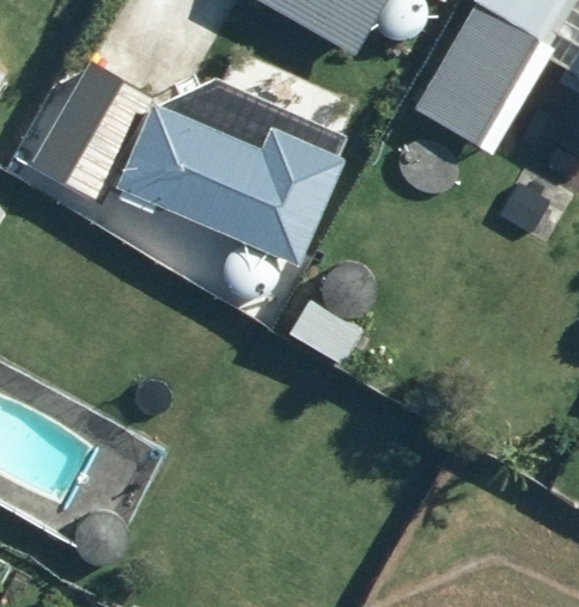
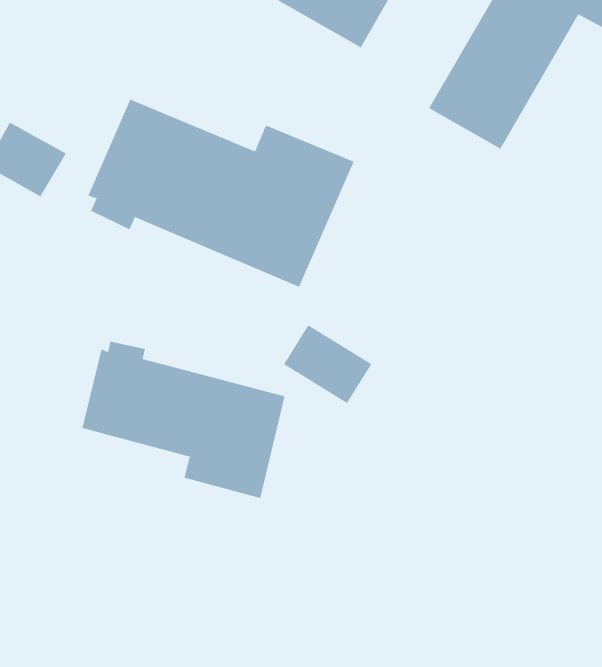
building: none -> [82,341,285,499]

